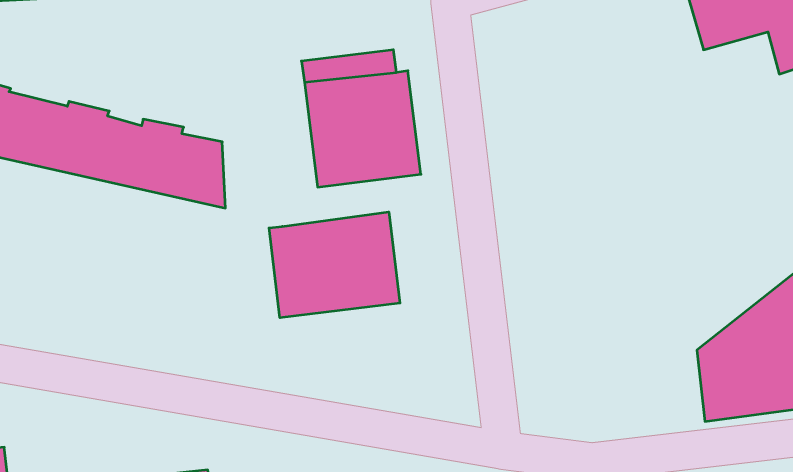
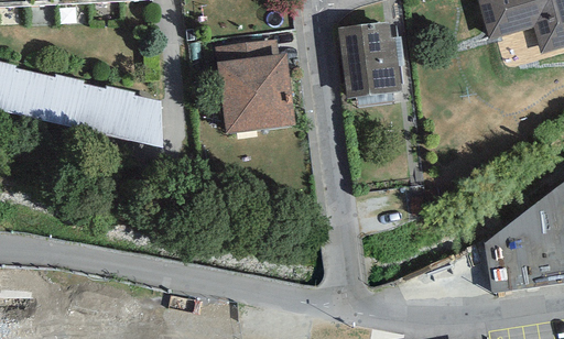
building: none -> [338,21,401,98]
building: [269,212,400,318] -> none

